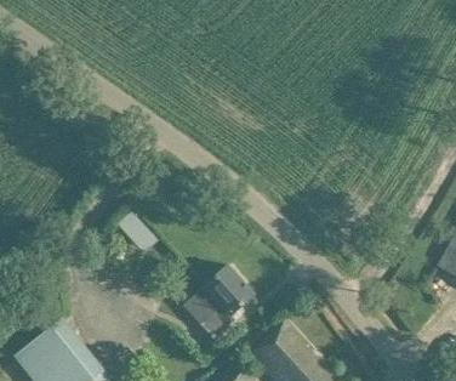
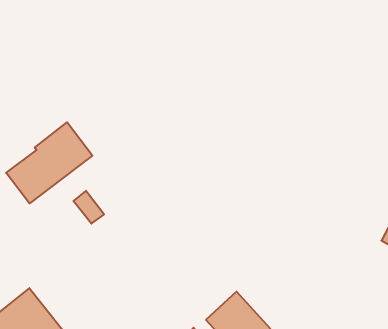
building: none -> [6,122,92,203]
building: [183,265,255,337] -> none

